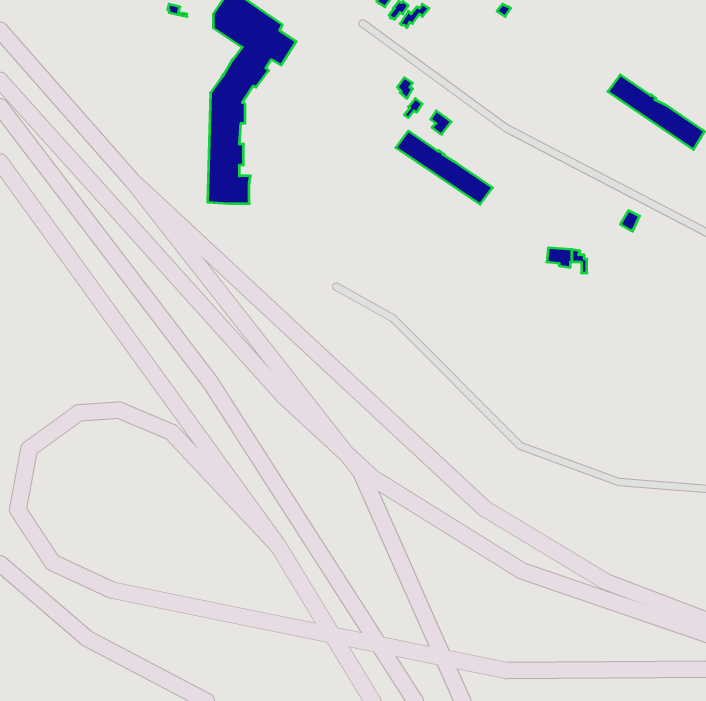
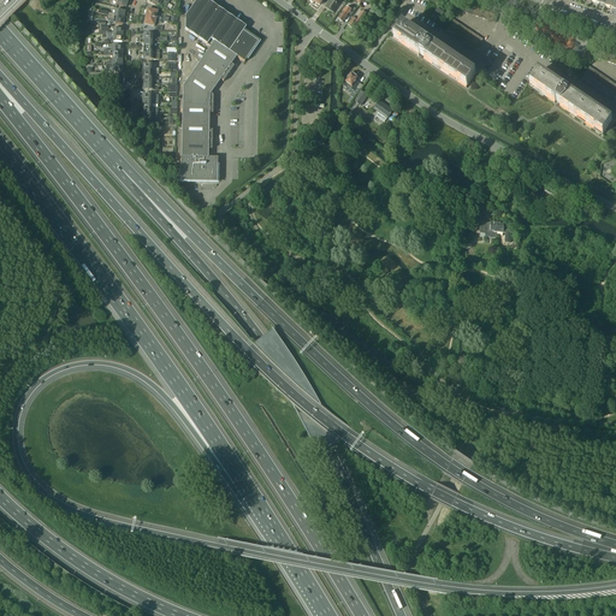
building: [396,131,493,204] -> [393,18,478,82]

